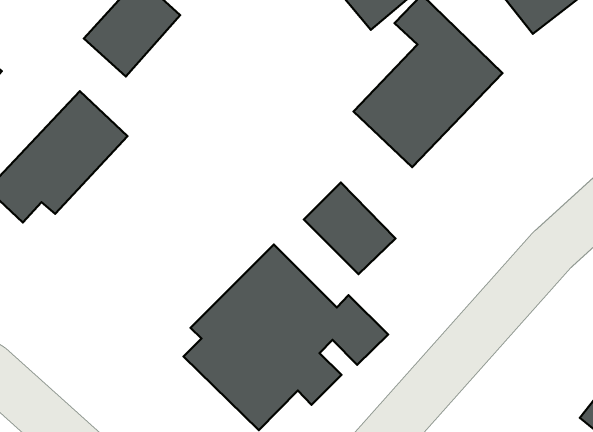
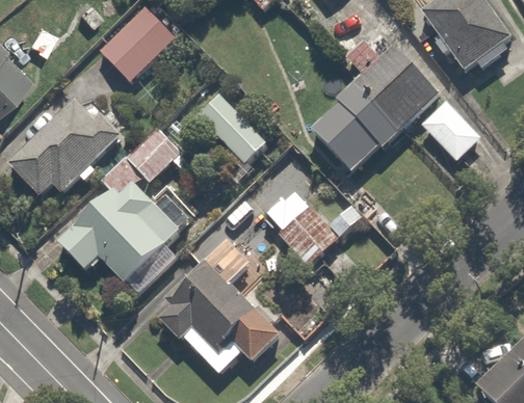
building: none -> [427,101,483,156]
building: none -> [199,91,267,164]
building: none -> [56,124,197,294]

